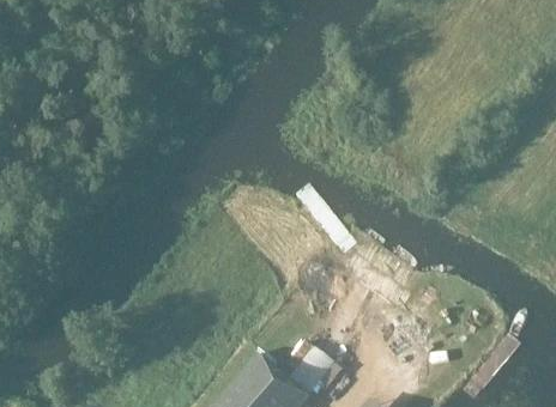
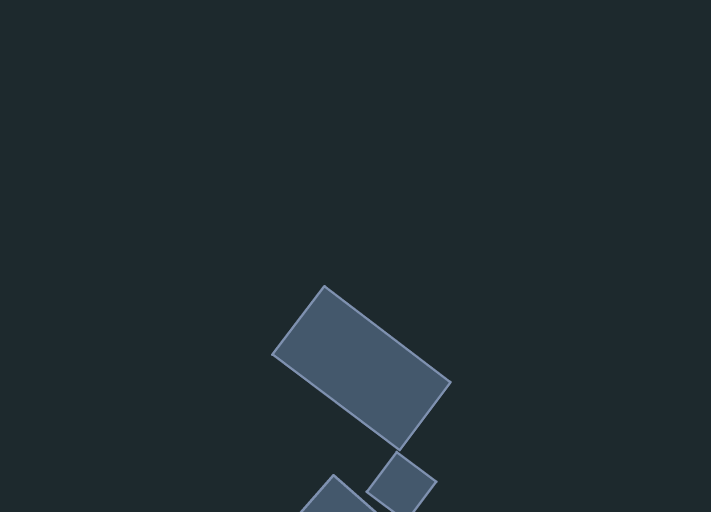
building: none -> [272,286,450,450]

